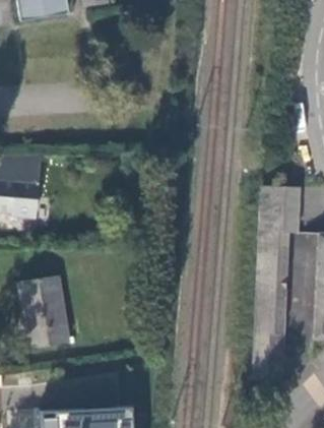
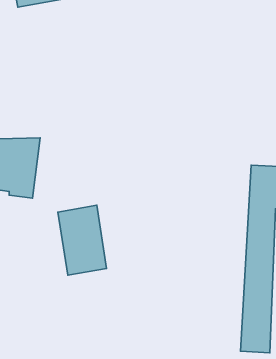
building: [18,273,69,347] -> [58,205,107,275]

